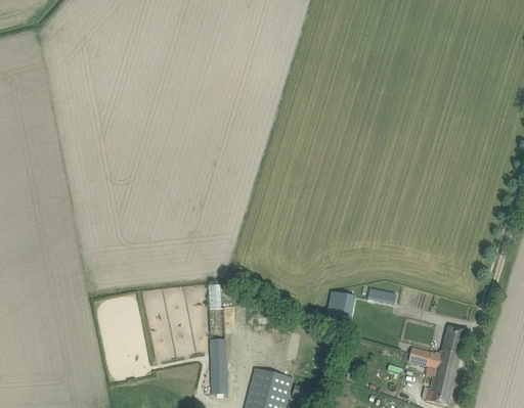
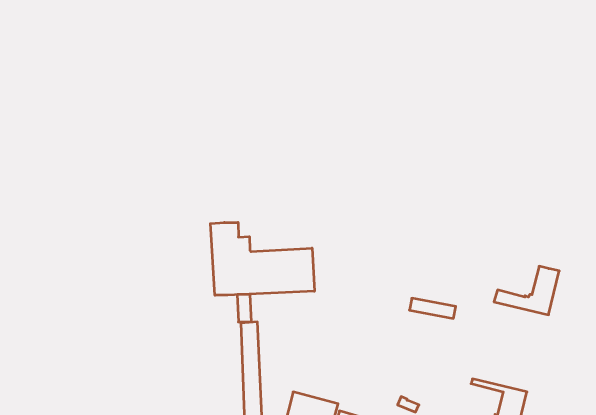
building: none -> [210,222,314,295]
building: [324,290,354,320] -> none
building: [408,325,465,367] -> [494,266,559,315]

